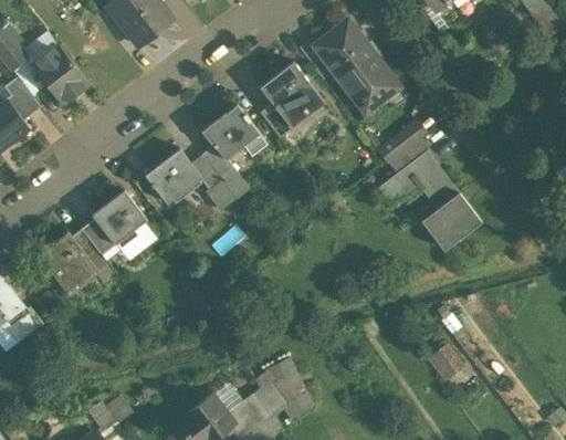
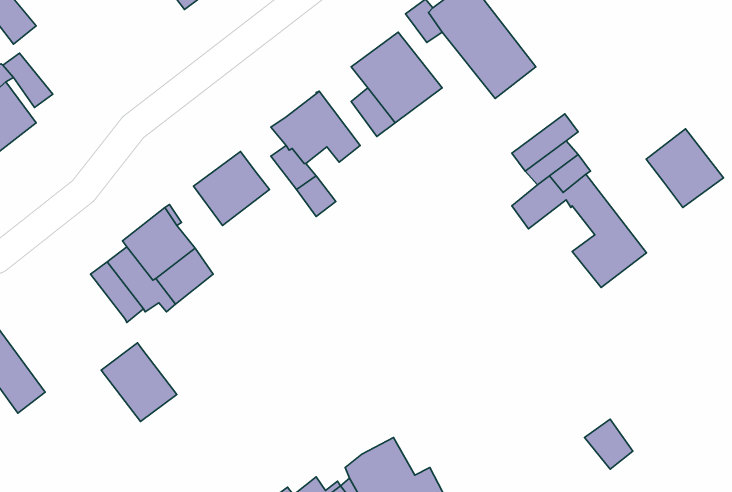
building: [33,45,88,103] -> none
building: none -> [646,129,723,207]
building: [188,153,235,211] -> none
building: [39,234,94,292] -> [101,343,177,422]

